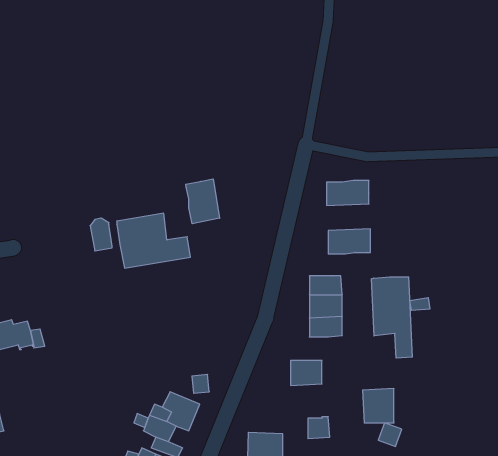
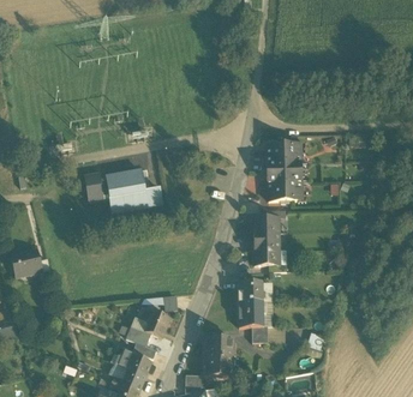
building: [186,179,220,224] -> none
building: none -> [267,163,300,184]
building: [371,277,412,358] -> none
building: [363,389,394,423] -> [239,301,263,327]

